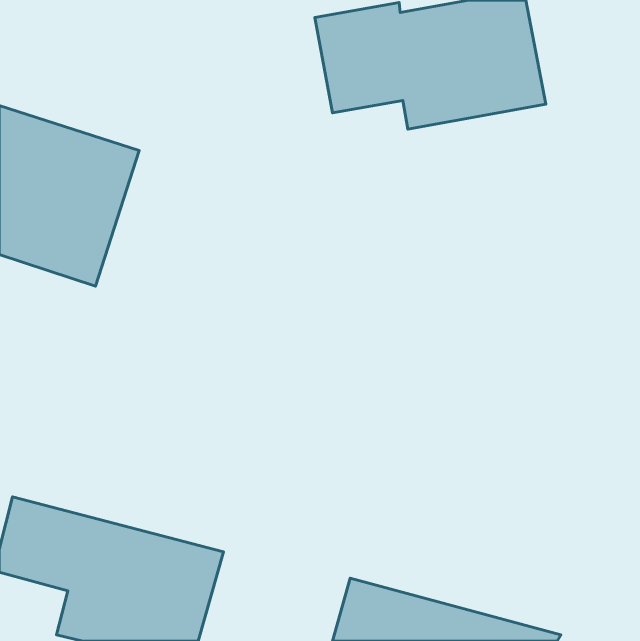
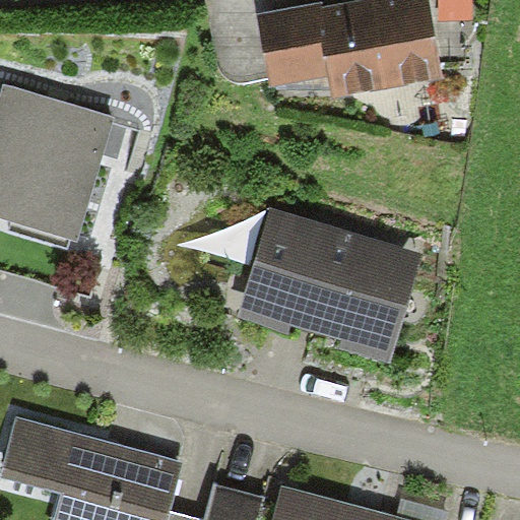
building: none -> [241,214,421,360]

